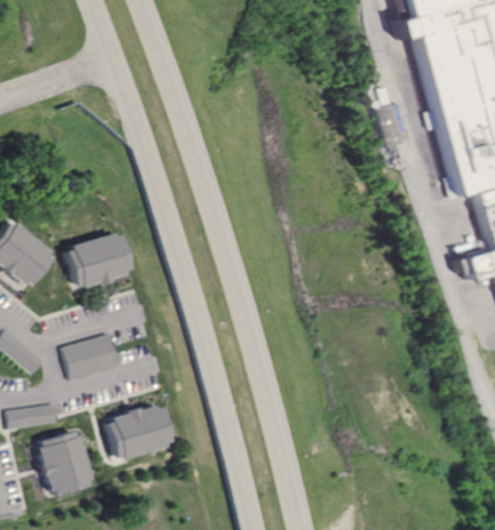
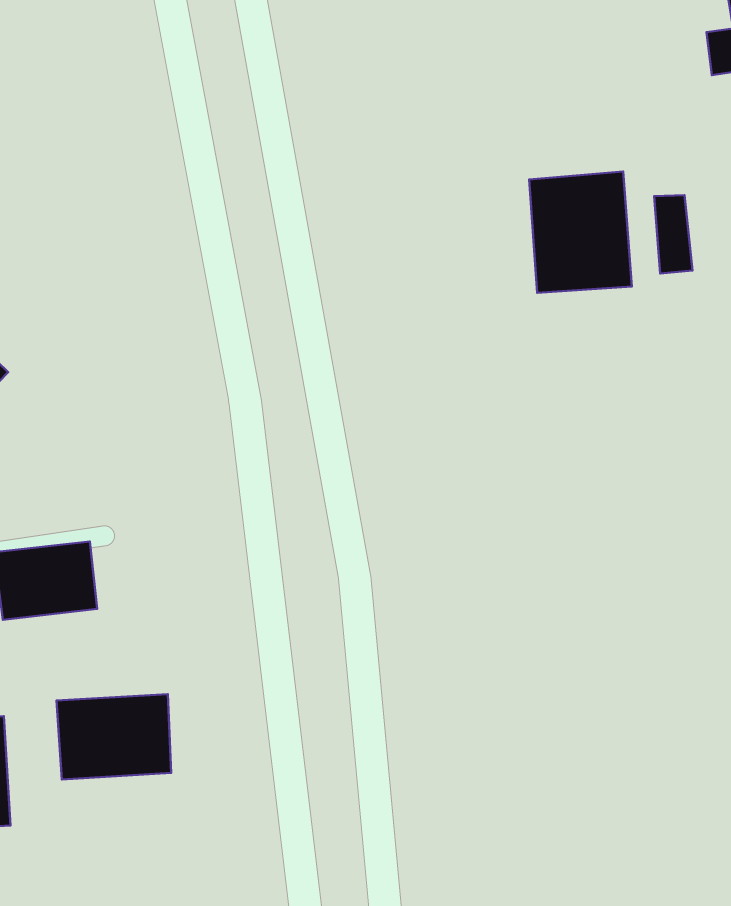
building: none -> [529,172,632,293]
building: [67,232,133,287] -> none

